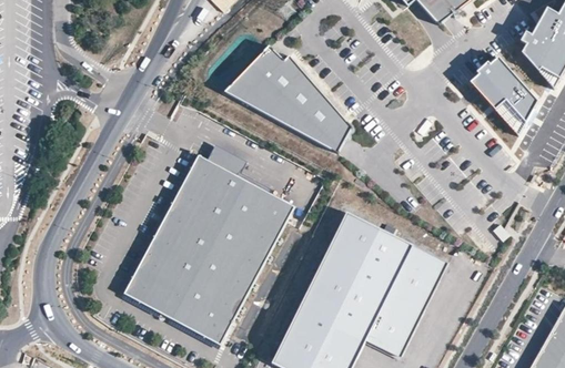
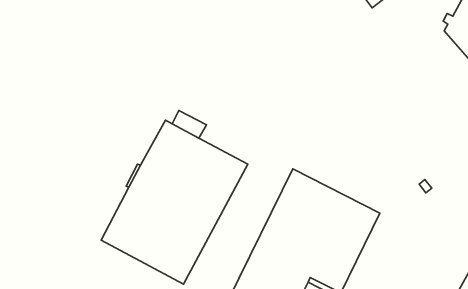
building: [224,44,352,152] -> none
building: [470,55,537,134] -> none

